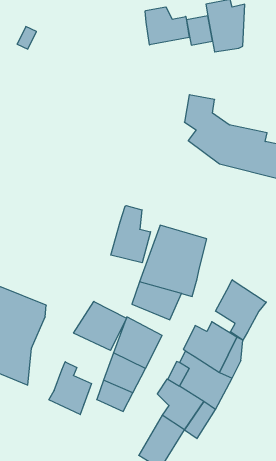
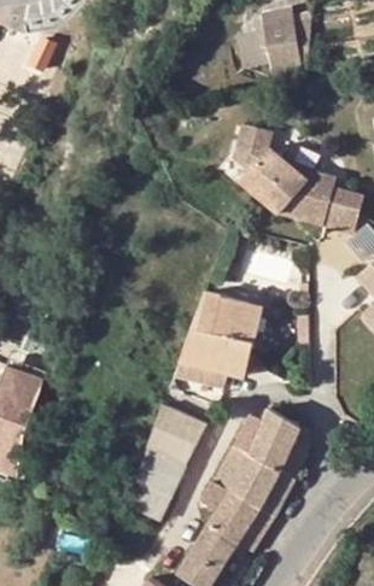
building: [145,7,189,45] -> none
building: [111,206,151,263] -> none
building: [216,280,266,340] -> none
building: [74,301,126,350] -> none
building: [49,362,91,415] -> none

